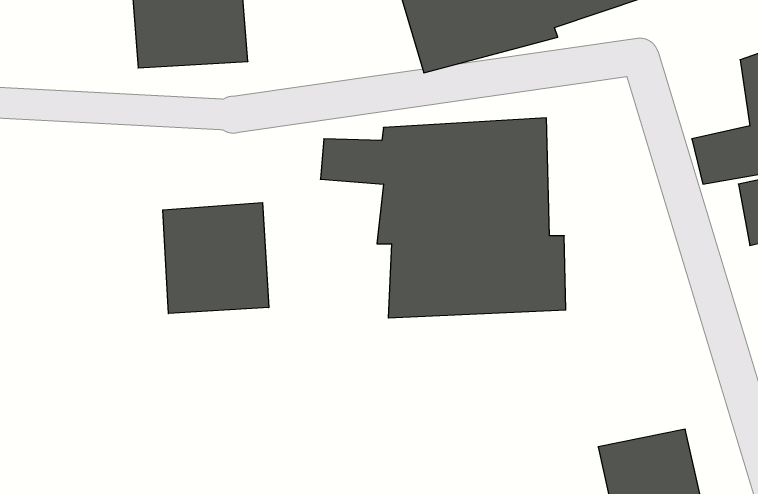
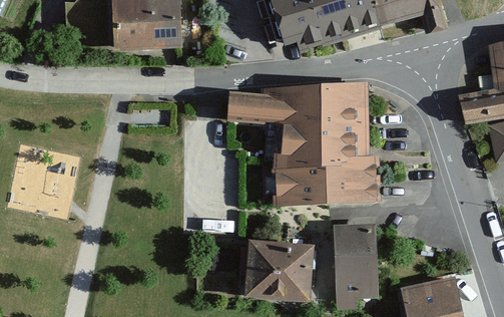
building: [163,203,269,314] -> none
building: none -> [334,224,379,309]
building: none -> [243,242,315,304]

